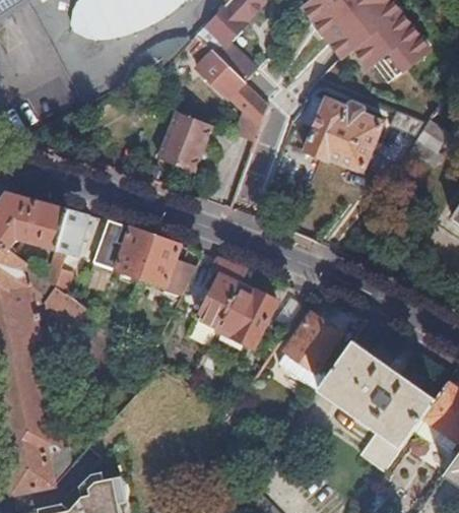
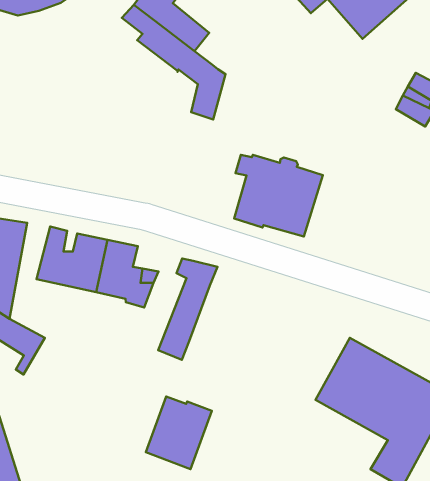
building: [306,97,385,172] -> [234,155,323,237]
building: [159,111,213,172] -> none
building: [216,283,276,347] -> [146,396,212,469]
building: [277,313,346,390] -> none

